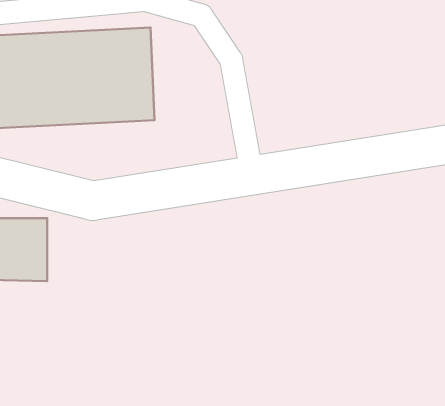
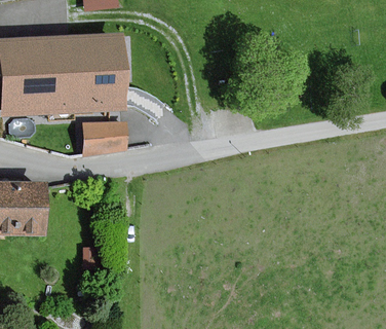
building: none -> [85,122,124,152]

